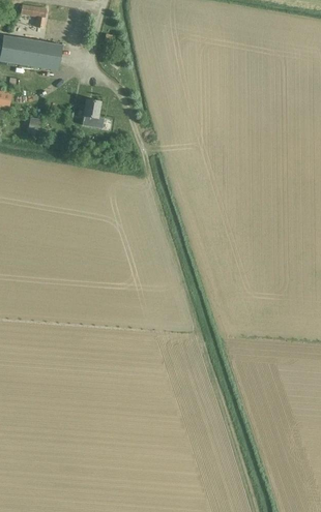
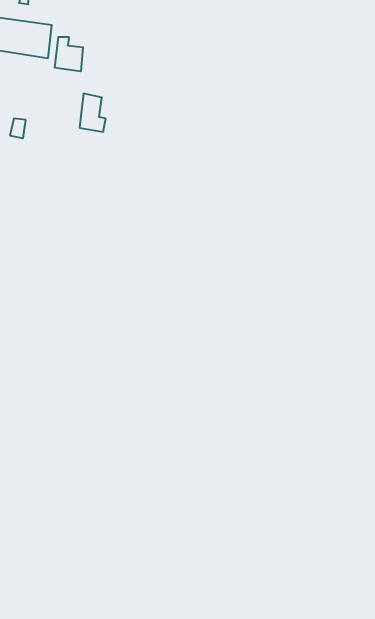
building: none -> [55,37,83,71]

